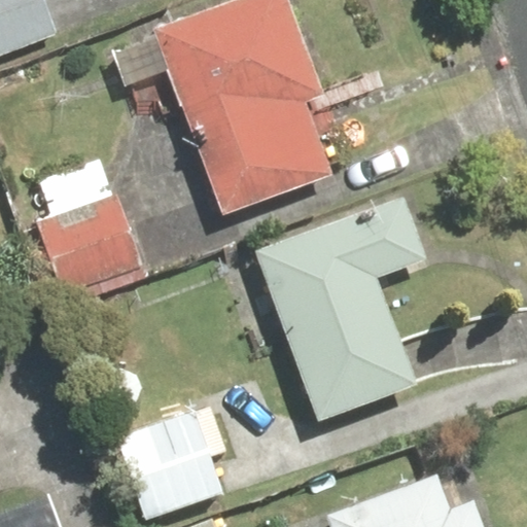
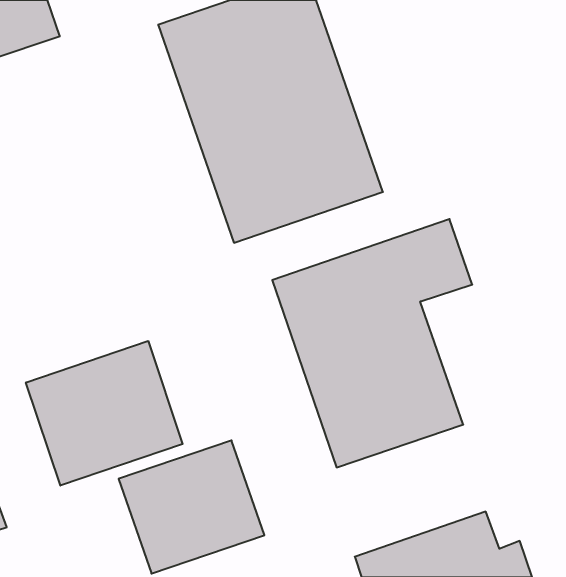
building: [20,157,140,293] -> none
building: none -> [26,341,183,486]

